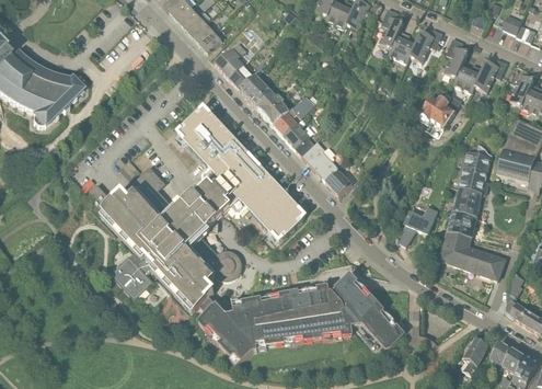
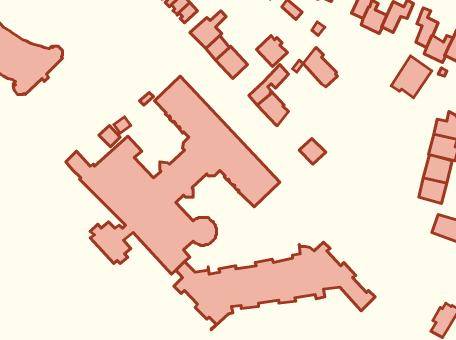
building: [257,93,289,125] -> [256,35,287,67]
building: [303,139,338,180] -> [303,47,338,87]
building: [395,206,436,243] -> none
building: [440,229,471,265] -> none

